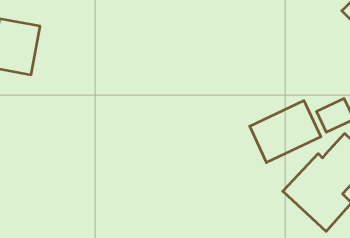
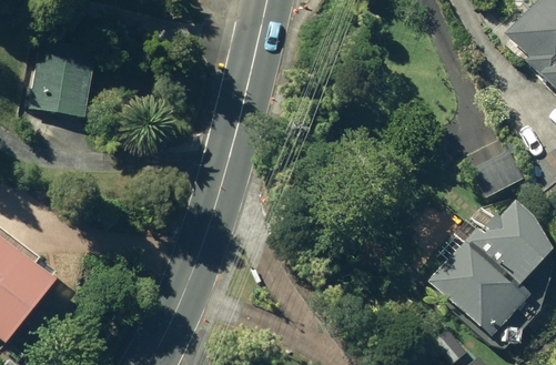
building: [250,101,321,163] -> none

